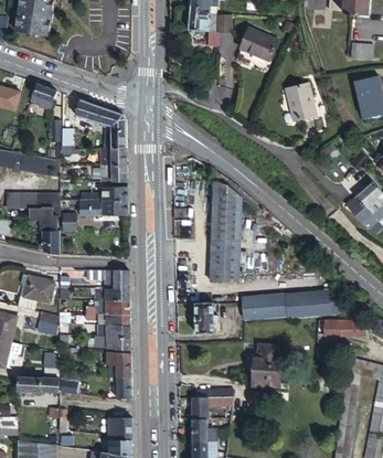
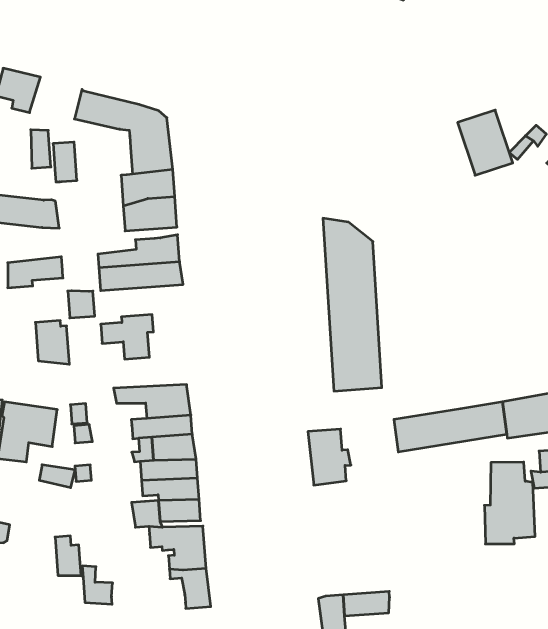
building: [285,82,315,118] -> [458,110,513,175]
building: [30,205,60,230] -> [101,315,153,359]
building: [252,343,281,391] -> [484,462,535,544]
building: [17,375,56,393] -> none

